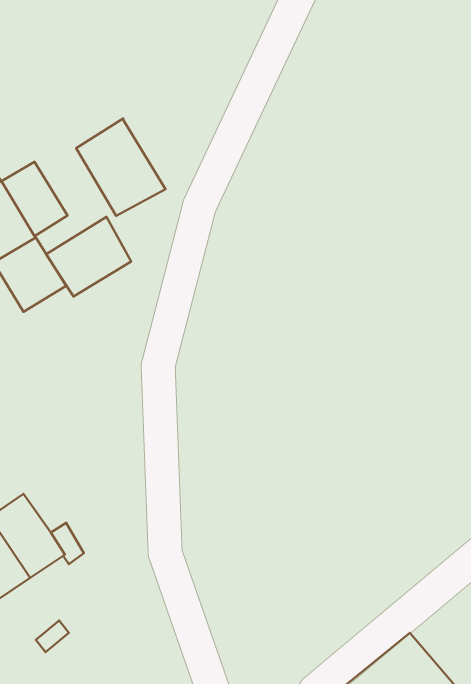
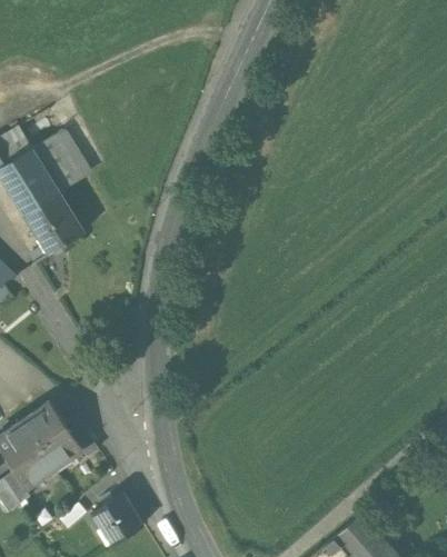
building: [76,118,165,216] -> none
building: [46,217,131,297] -> none
building: none -> [91,491,143,545]

